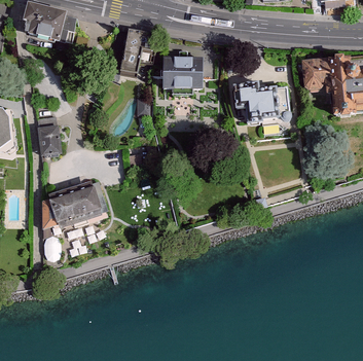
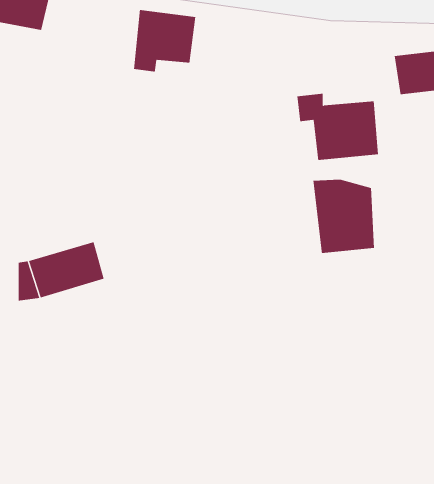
building: [165,56,203,88] -> none
building: [37,115,61,155] -> none
building: none -> [313,179,375,254]

